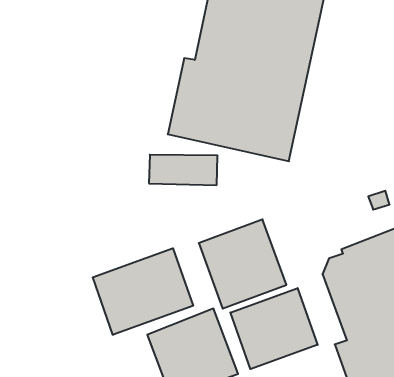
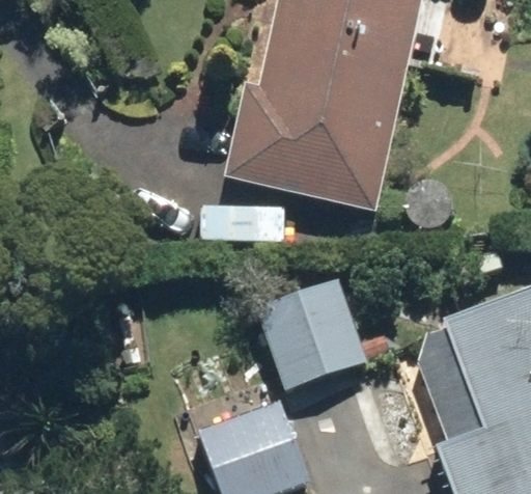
building: [93,248,193,335] -> none
building: [230,288,318,369] -> none

